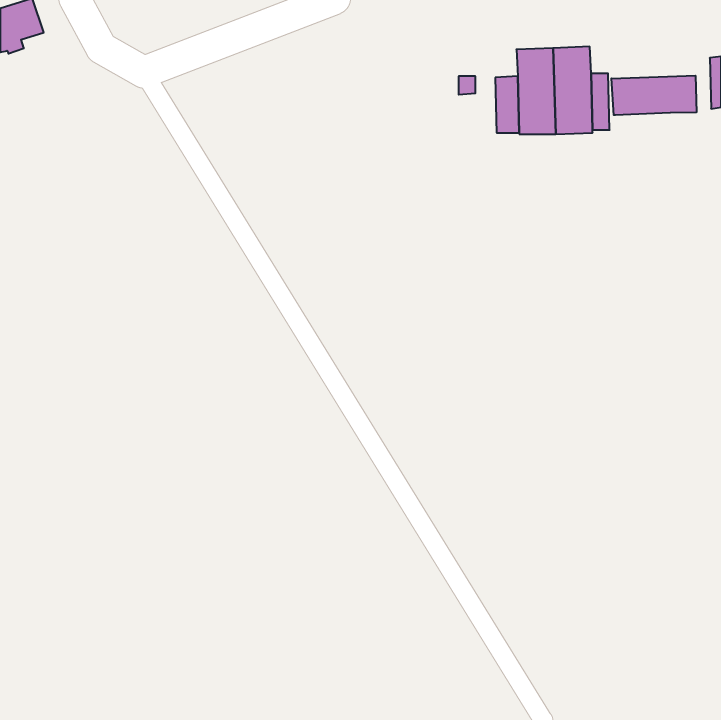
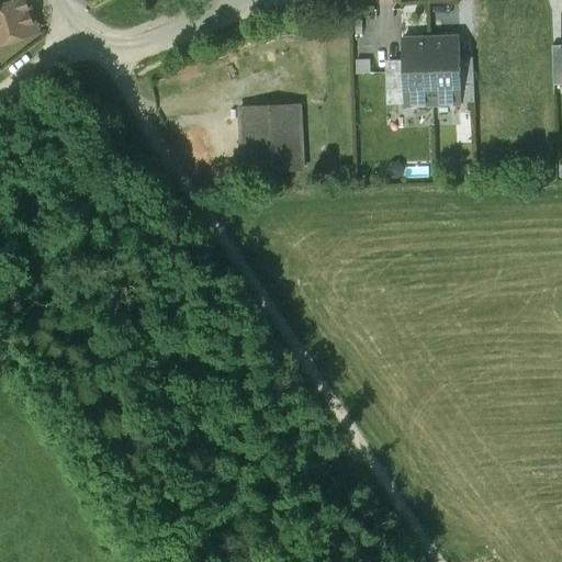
building: [611,76,696,115] -> none
building: none -> [240,103,302,172]

